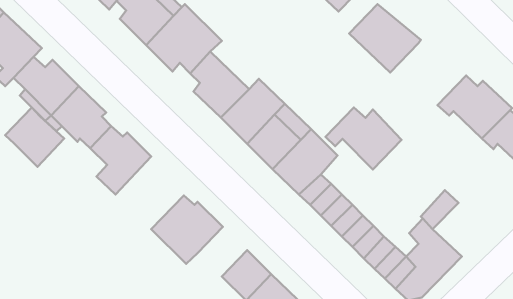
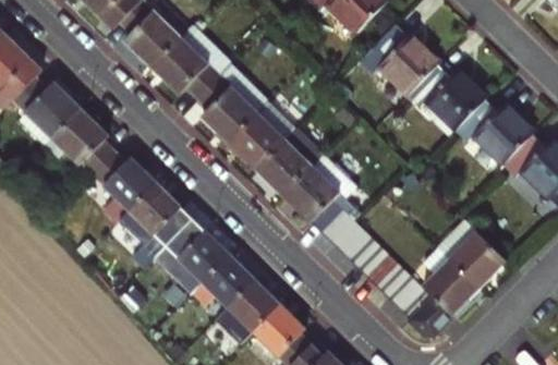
building: [326,107,401,169] -> [404,65,483,130]
building: [5,108,64,167] -> none
building: none -> [120,183,191,258]
building: none -> [448,231,505,287]
building: none -> [205,256,256,307]

